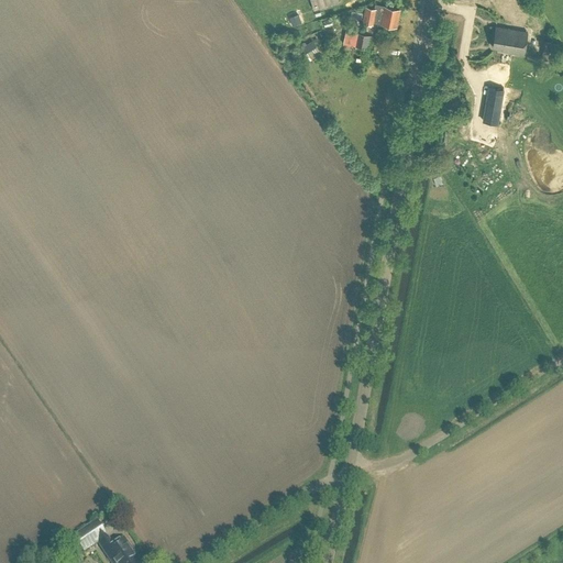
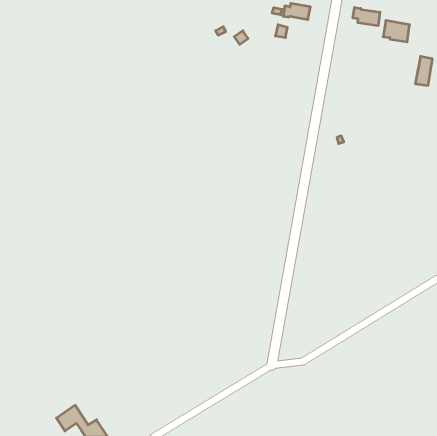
building: none -> [353,7,380,26]
building: [482,87,504,124] -> [415,56,432,85]

